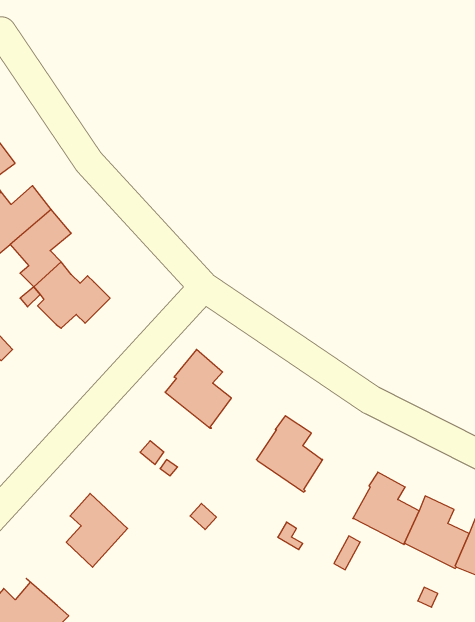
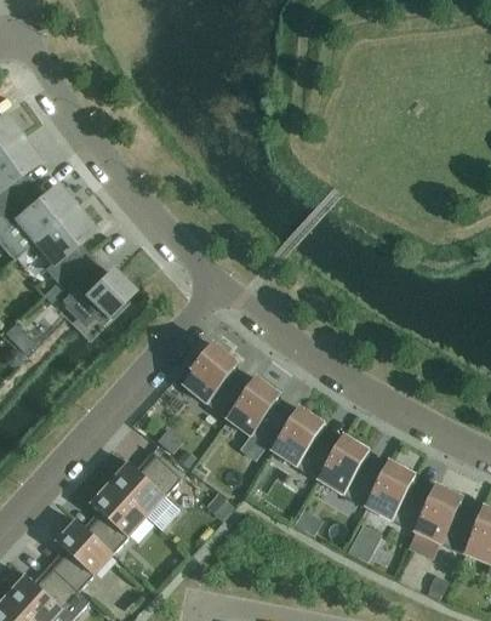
building: none -> [227,376,291,451]
building: none -> [318,434,382,507]
building: none -> [110,450,182,529]
building: none -> [48,519,113,591]

